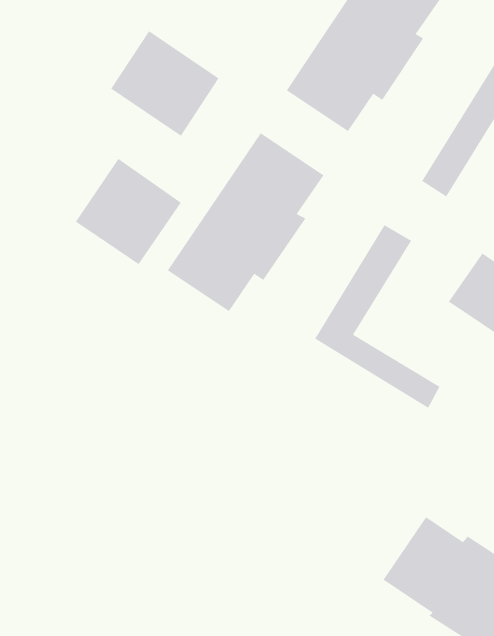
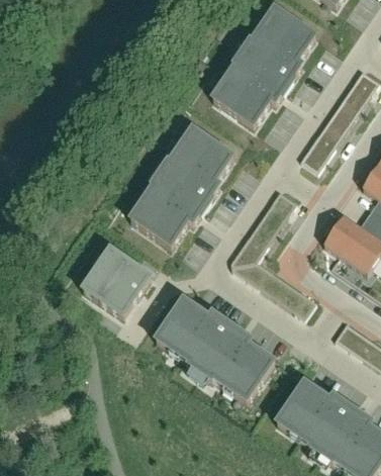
building: [110,30,220,137] -> none
building: [75,158,182,265] -> [80,245,153,317]
building: none -> [148,293,283,414]

